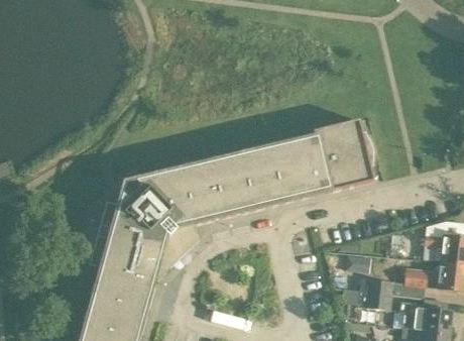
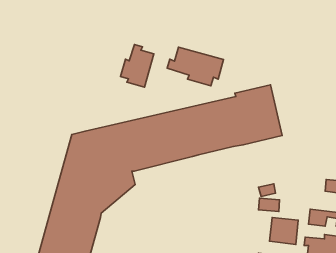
building: none -> [120,44,154,87]
building: none -> [167,47,224,86]

